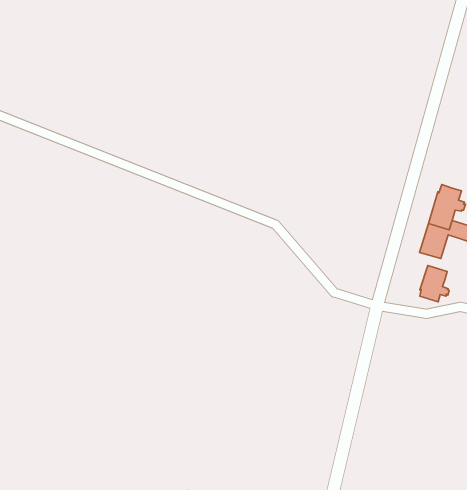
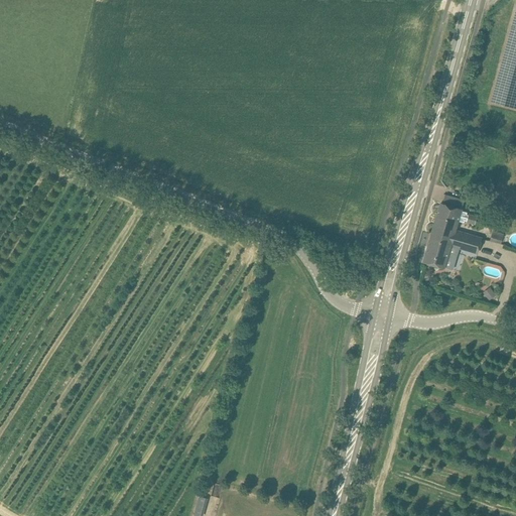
building: [420,266,449,302] -> none

